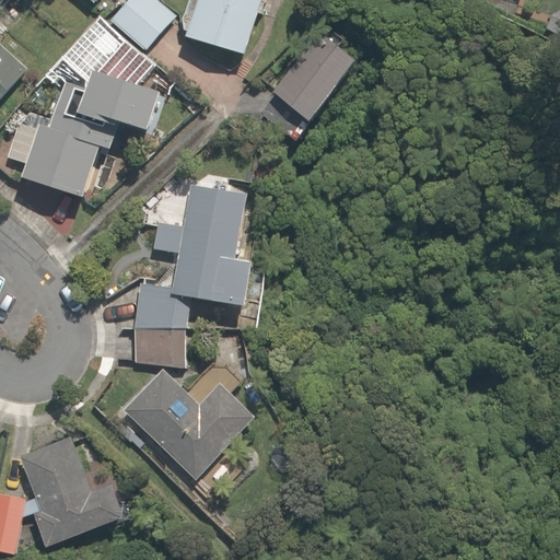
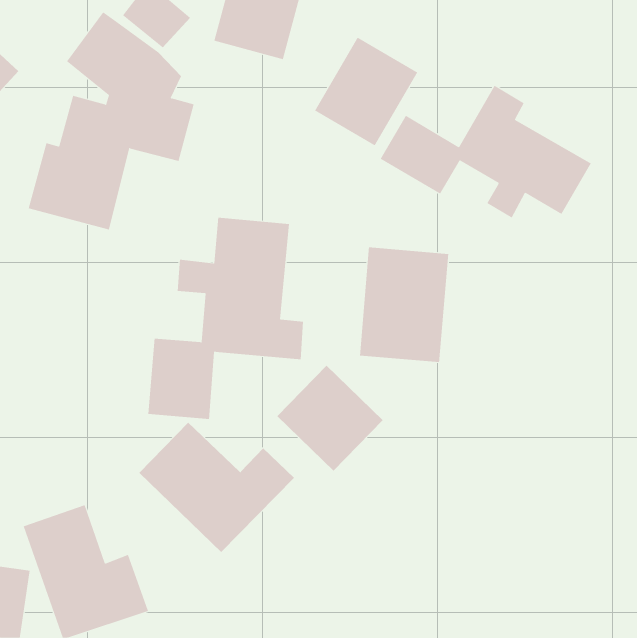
building: none -> [380,85,592,218]
building: none -> [359,246,449,363]
building: none -> [277,365,383,471]

